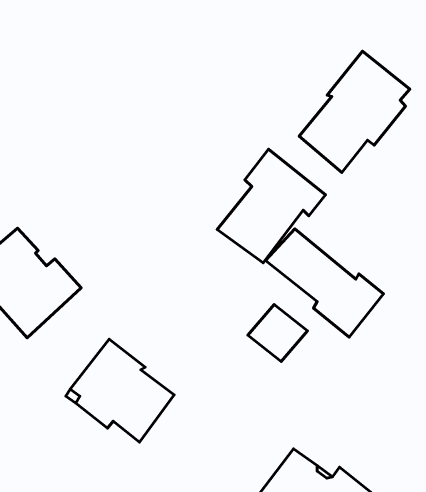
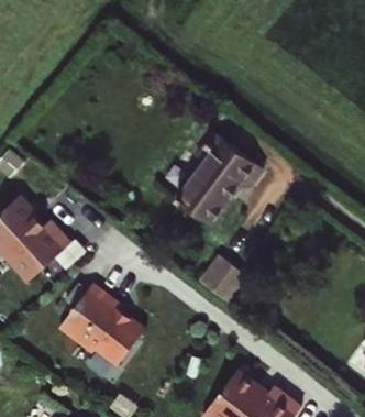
building: [299,51,410,173] -> none
building: [266,229,384,337] -> none

